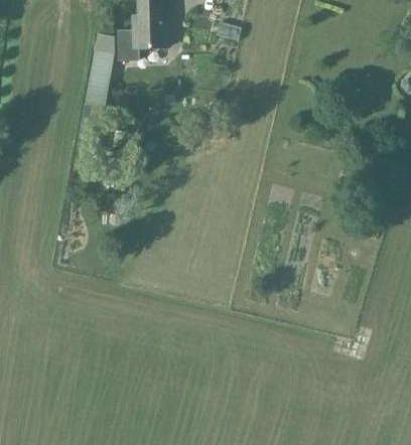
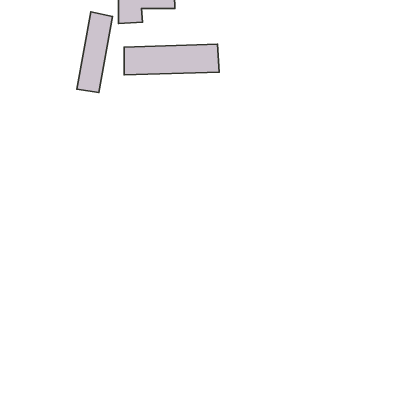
building: none -> [124,44,219,75]

